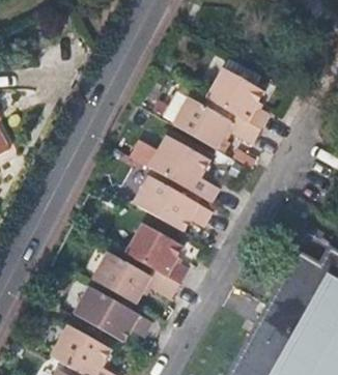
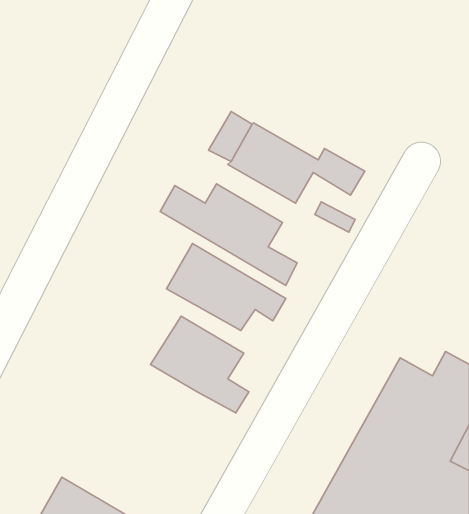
building: [212,68,273,128] -> none
building: [95,252,182,304] -> none
building: [77,287,154,341] -> none

